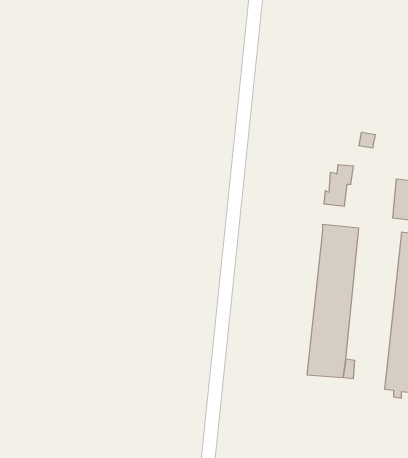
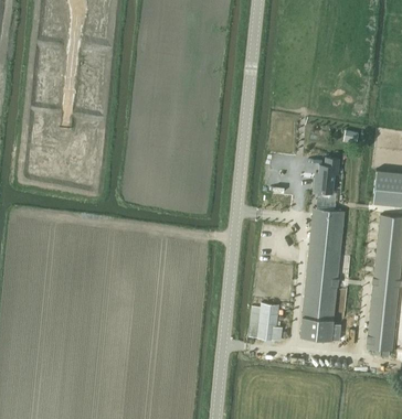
building: none -> [248,303,283,341]

